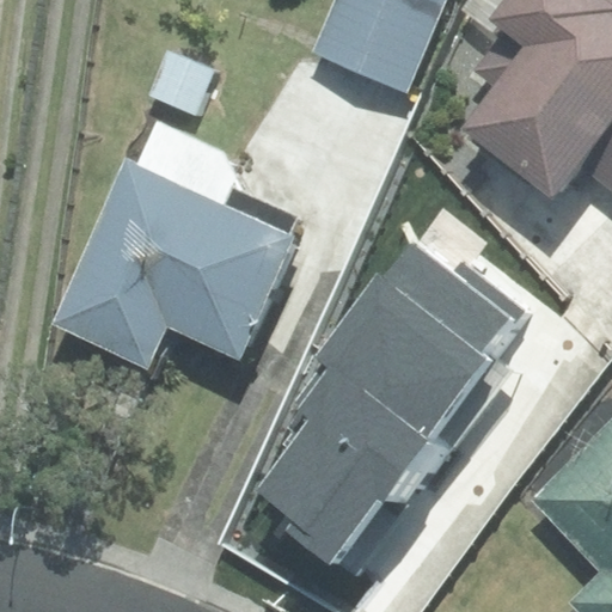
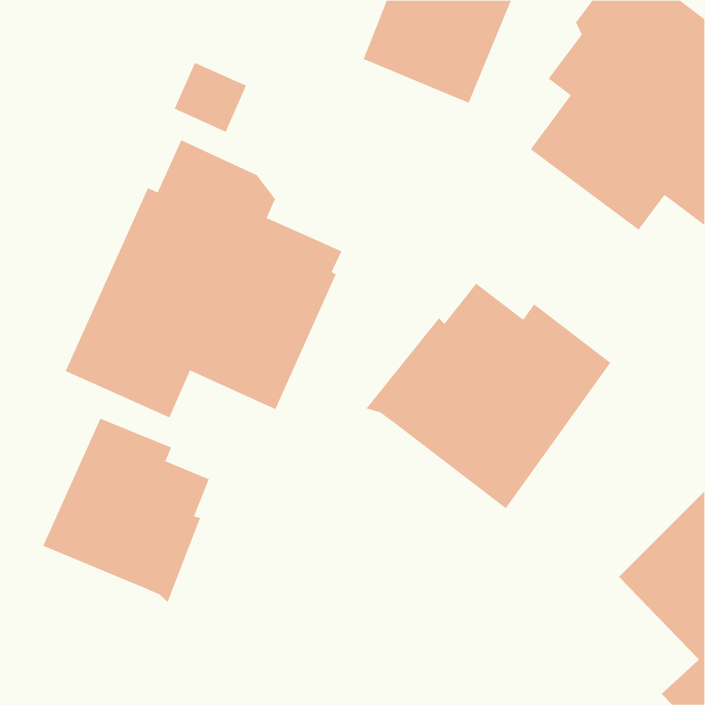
building: [258,357,439,568] -> none
building: none -> [42,418,209,603]

